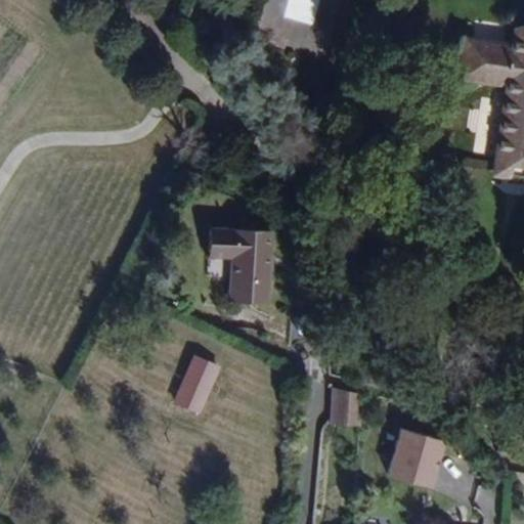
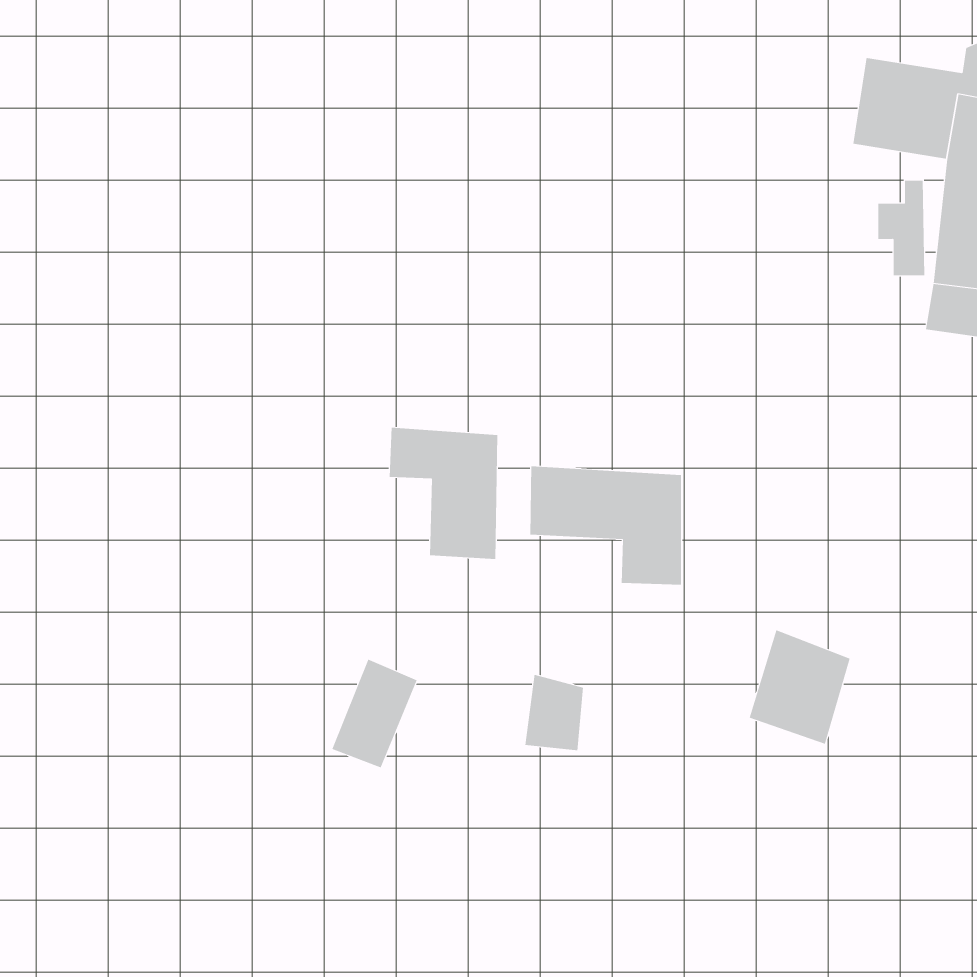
building: none -> [530,466,681,586]
building: [330,387,361,428] -> [524,674,584,751]
building: [386,429,440,490] -> [749,630,850,745]

